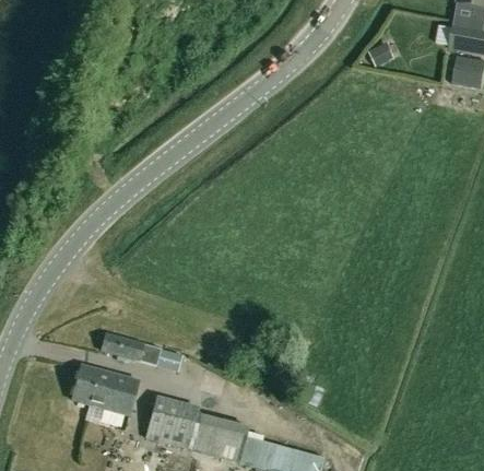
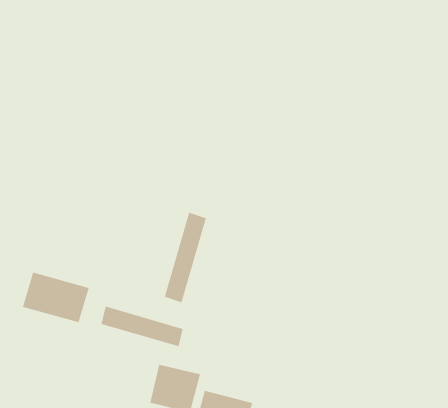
building: none -> [164,212,206,303]
building: [70,364,134,413] -> [22,272,89,323]

